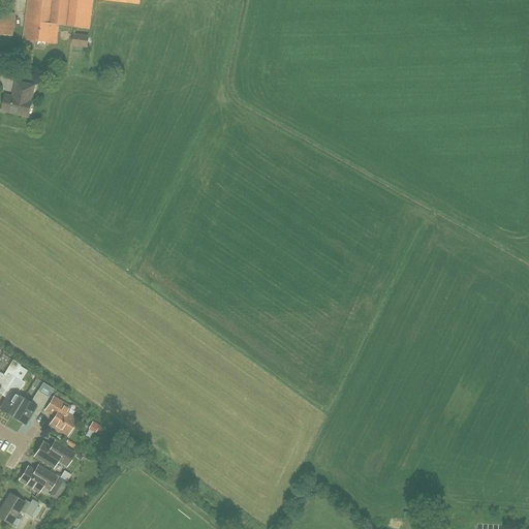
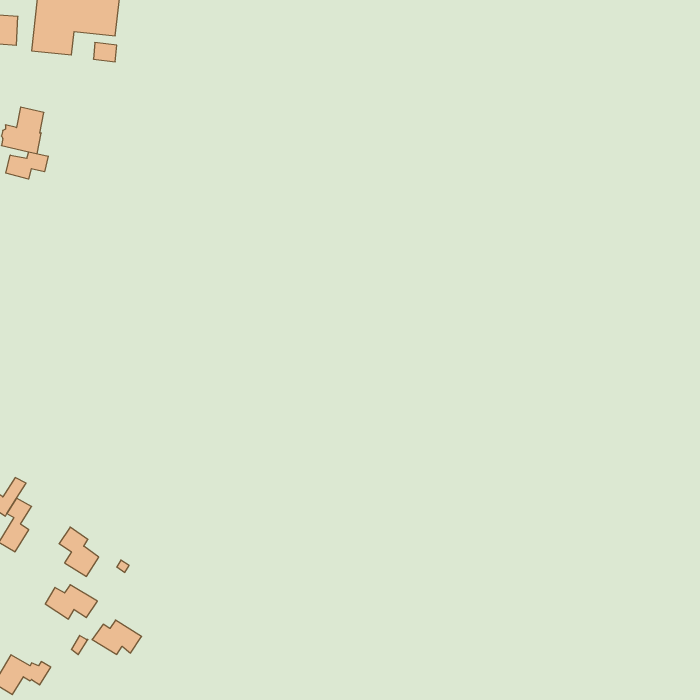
building: none -> [6,152,48,179]
building: [11,384,51,424] -> none
building: [19,464,56,490] -> [92,620,142,654]

